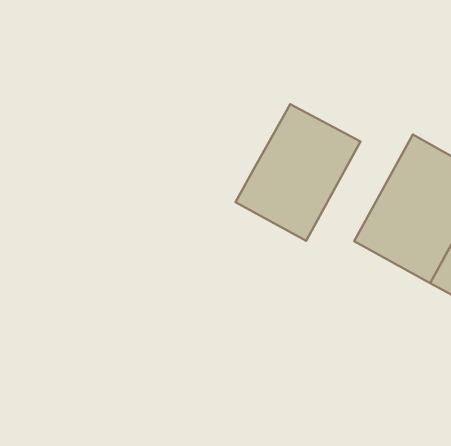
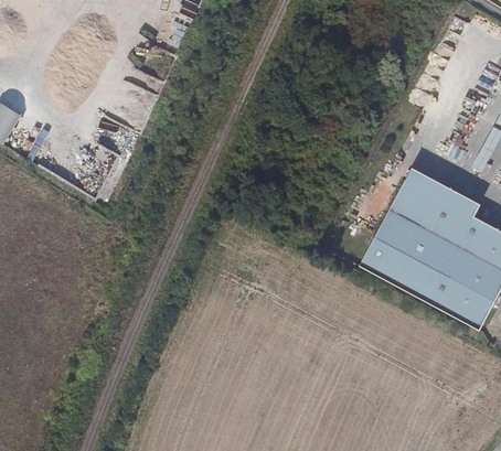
building: [235,104,360,241] -> none

